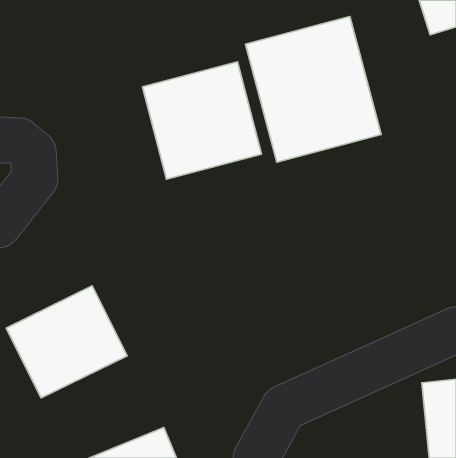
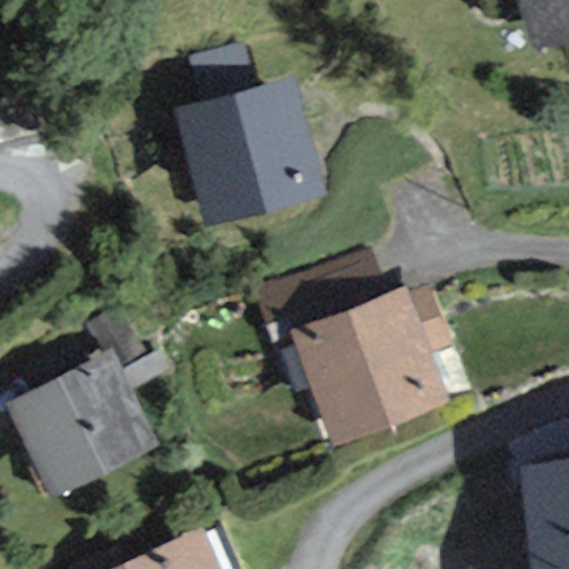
building: [246,17,381,162] -> none
building: none -> [292,289,449,441]

